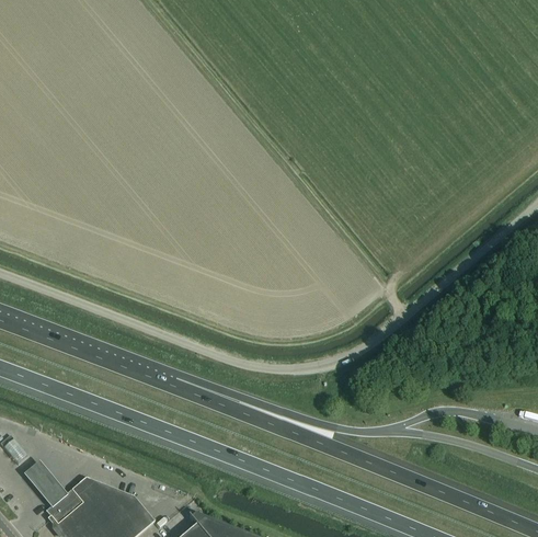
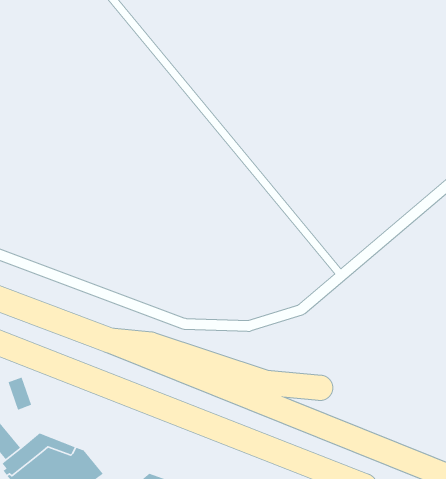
building: none -> [7,376,32,411]

